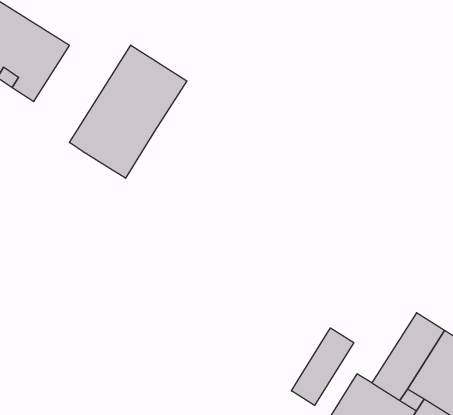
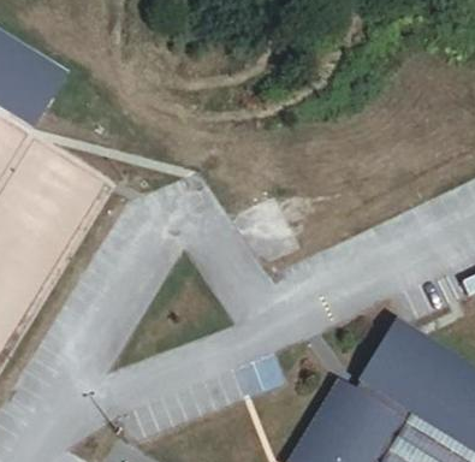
building: [69,45,187,178] -> none
building: [291,328,354,405] -> none

